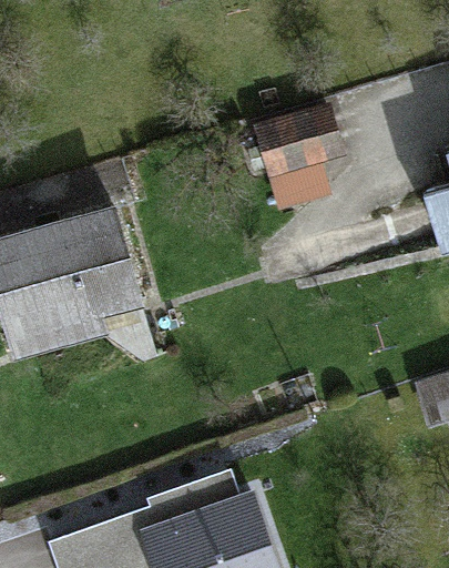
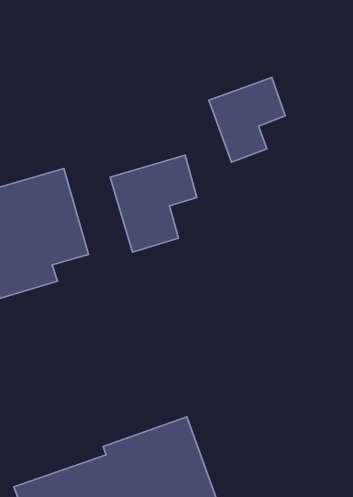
building: none -> [110,155,197,252]

